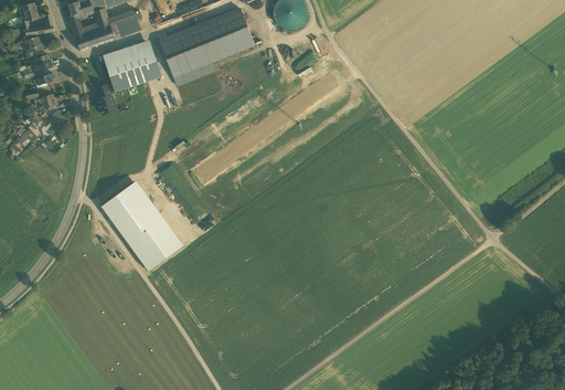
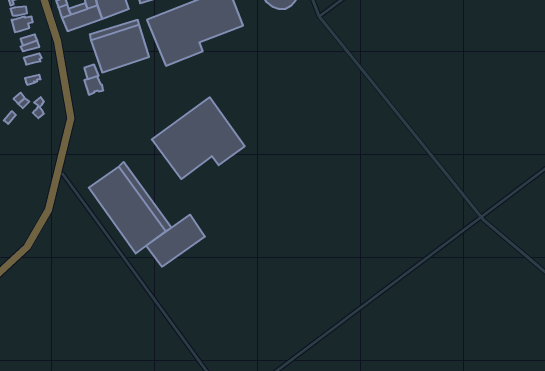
building: none -> [152,97,245,179]
building: none -> [146,215,205,267]

